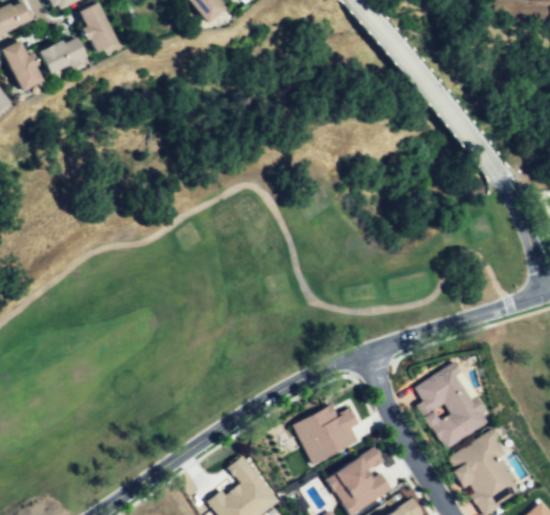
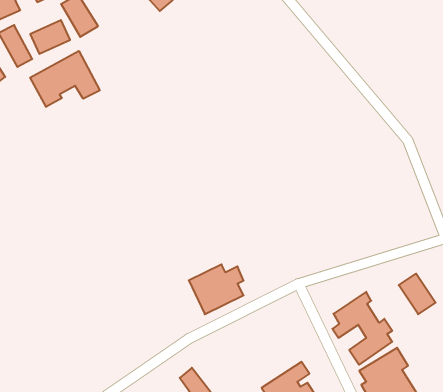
building: none -> [30,51,100,107]
building: none -> [399,274,436,314]
building: [293,404,359,464] -> [189,264,244,314]

